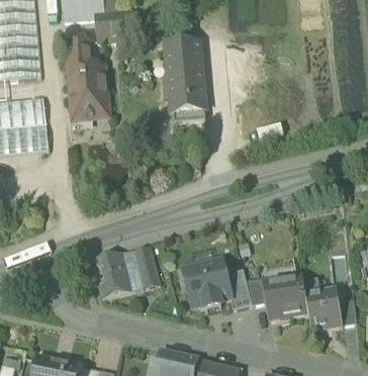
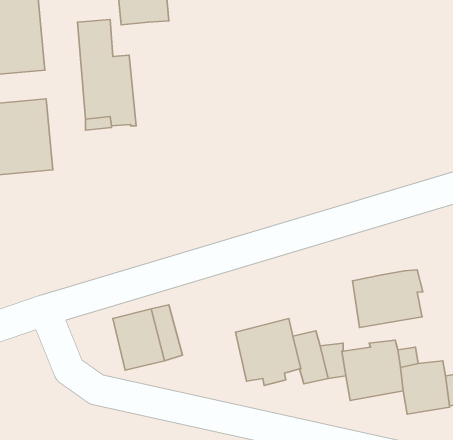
building: [163,40,205,122] -> none
building: none -> [353,270,423,327]
building: [133,244,160,286] -> none

